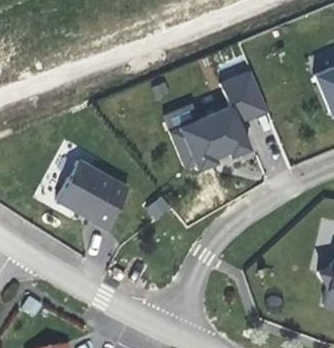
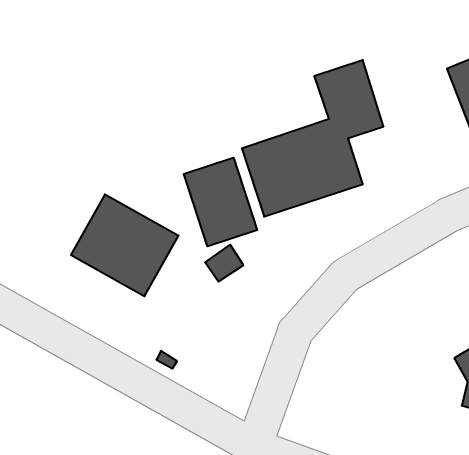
building: none -> [184,158,257,246]

